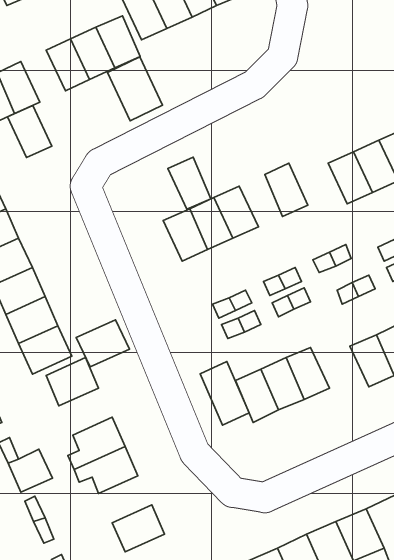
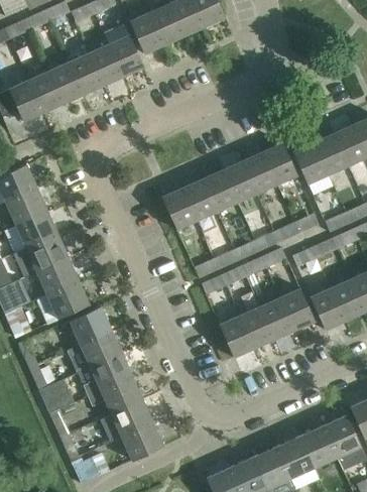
building: [107,57,162,121] -> none
building: [7,105,52,158] -> [49,61,85,103]
building: none -> [262,142,297,184]
building: [168,157,211,209] -> [223,160,257,202]
building: [76,320,129,367] -> [80,330,122,367]
building: none -> [279,288,315,330]
building: [200,361,249,425] -> none
building: none -> [111,399,153,437]

